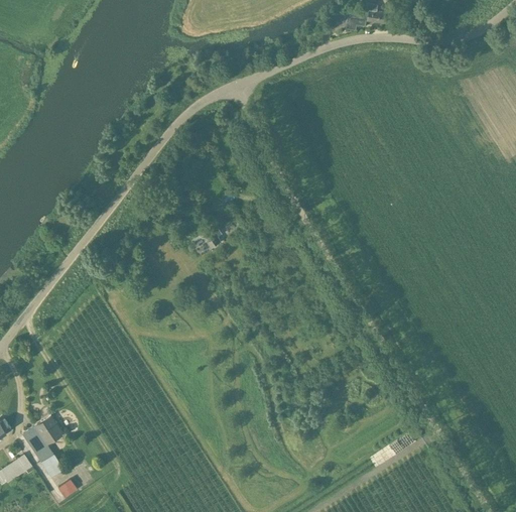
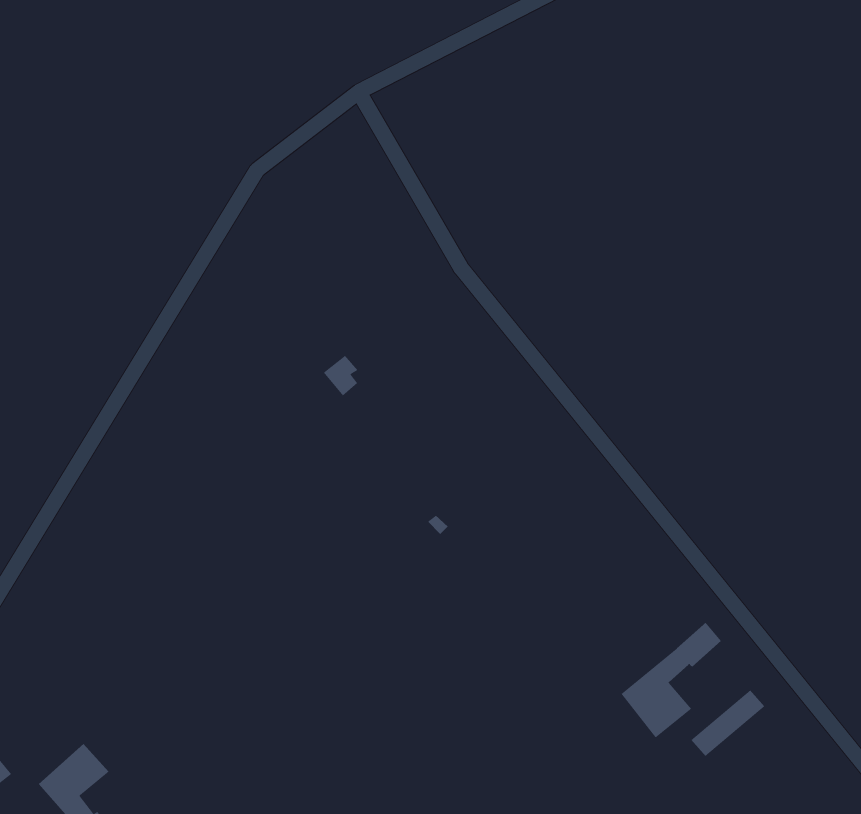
building: none -> [621,622,722,739]

